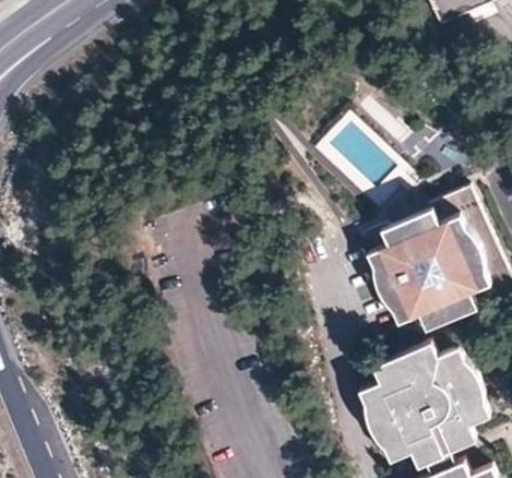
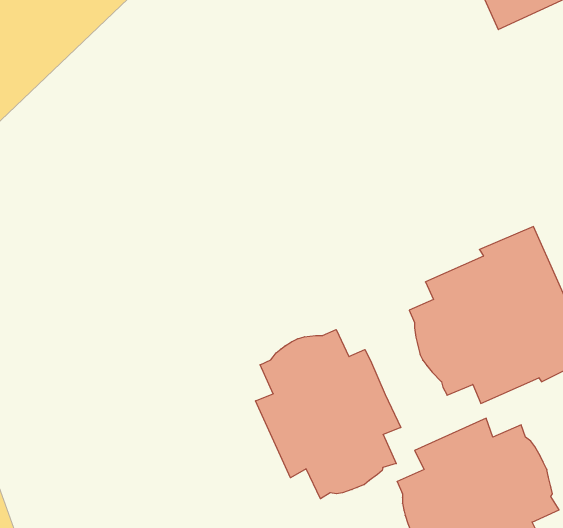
building: none -> [256,330,401,499]

